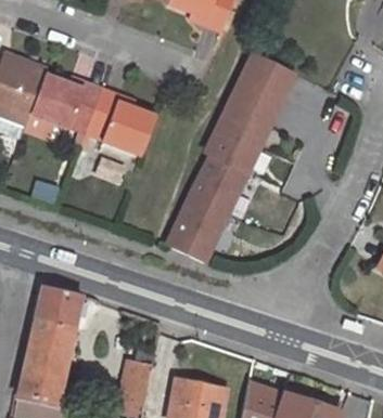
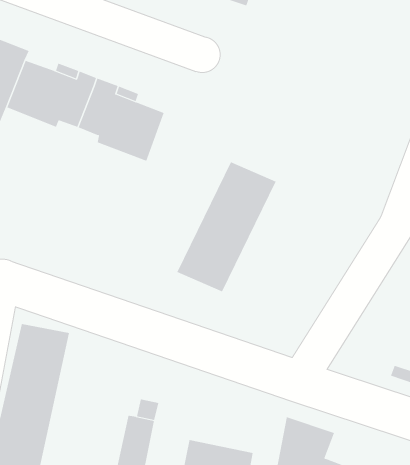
building: [205,54,295,172] -> none

